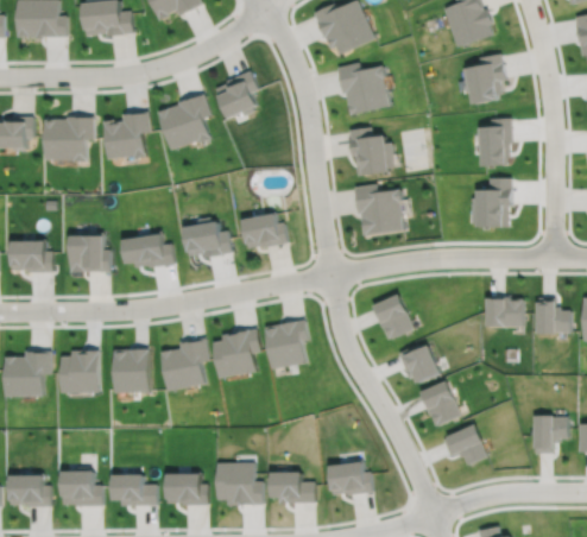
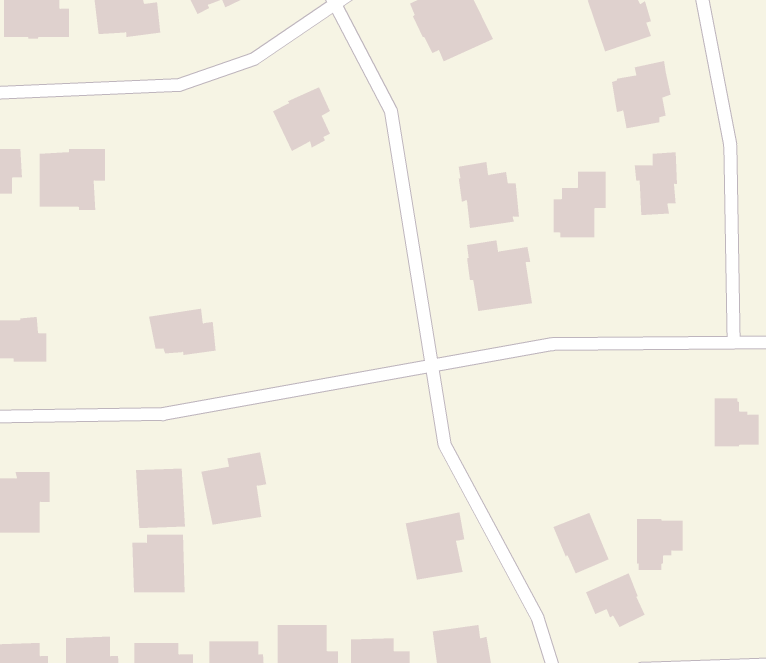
building: [337,61,390,113] -> none
building: [157,94,209,150] -> none
building: [103,112,150,159] -> none
building: [471,178,510,227] -> [553,171,607,238]
building: [242,213,288,248] -> none
building: [185,221,232,258] -> none
building: [69,233,108,272] -> none
building: [371,293,412,340] -> none
building: [485,297,523,327] -> none
building: [266,320,310,369] -> [405,512,465,580]
building: [215,329,263,379] -> none
building: [397,346,438,384] -> none
building: [63,350,102,393] -> [132,534,185,593]
building: [532,416,567,454] -> [636,518,684,571]

